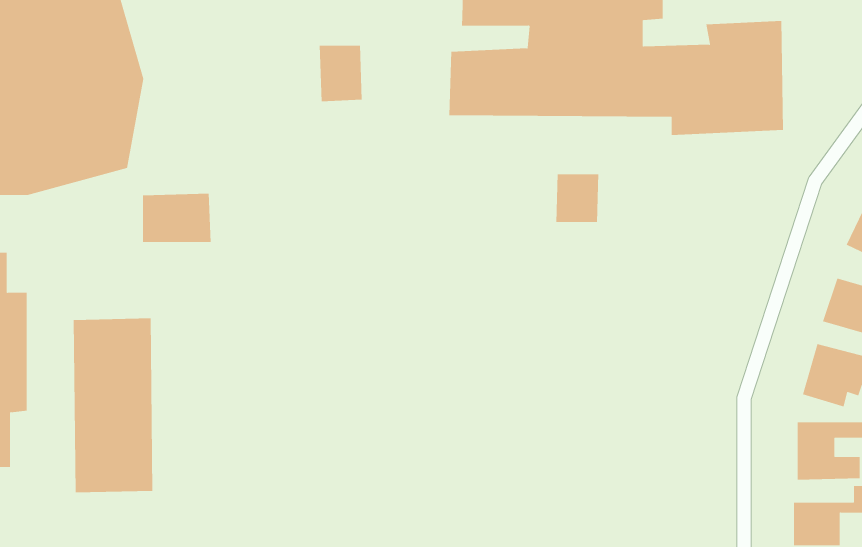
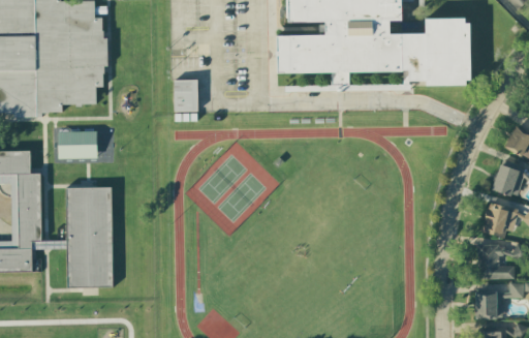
building: [319,45,363,102] -> [174,80,198,112]
building: [556,173,599,223] -> none
building: [142,193,211,242] -> [58,130,97,158]

